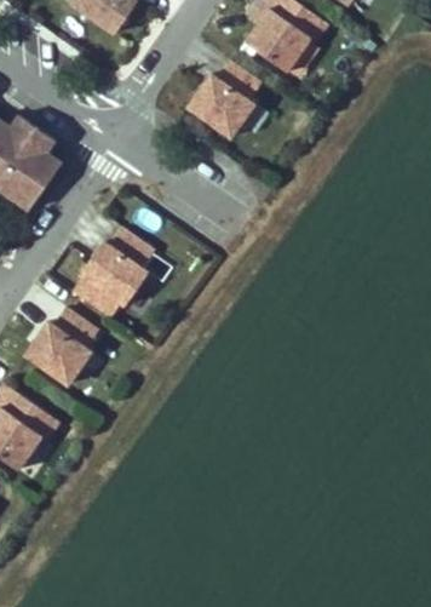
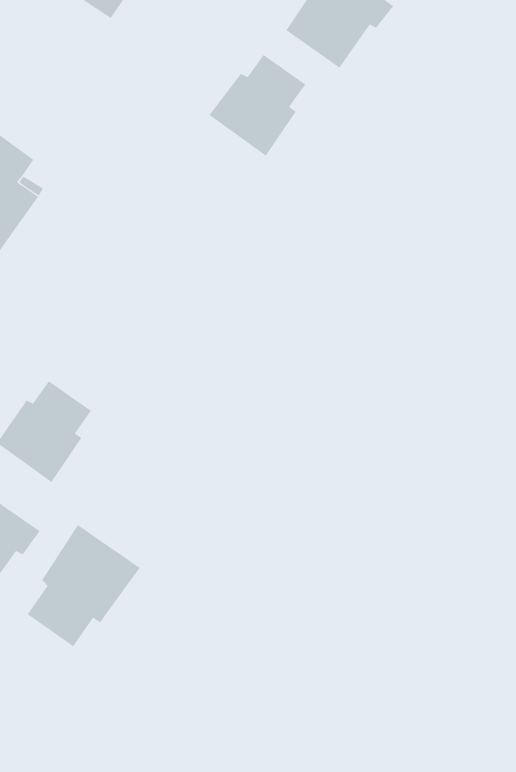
building: [81,228,154,304] -> none
building: none -> [27,524,141,647]

